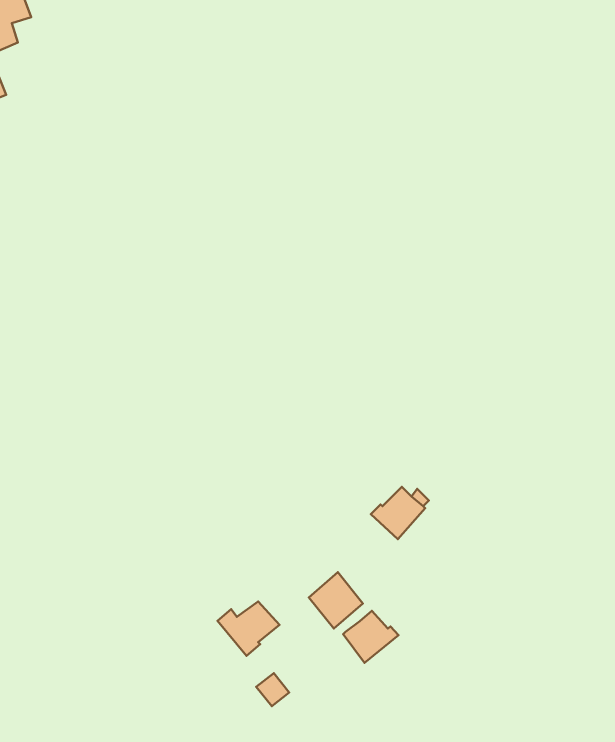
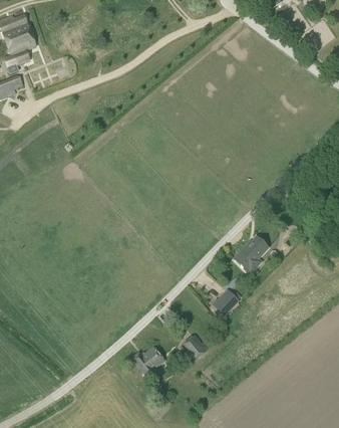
building: none -> [238,235,268,270]
building: [343,611,398,663] -> none

